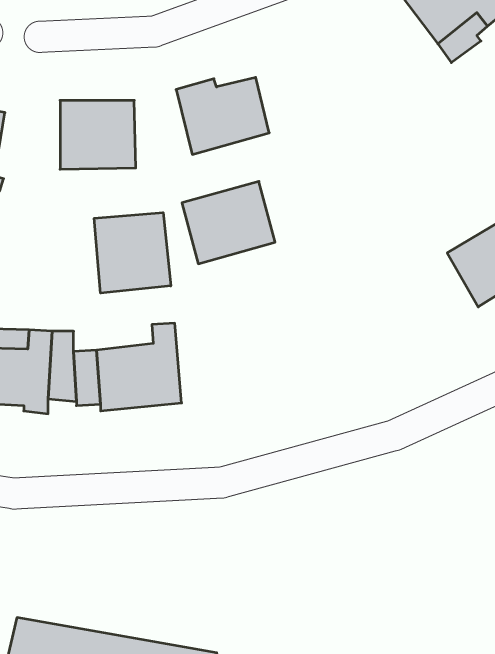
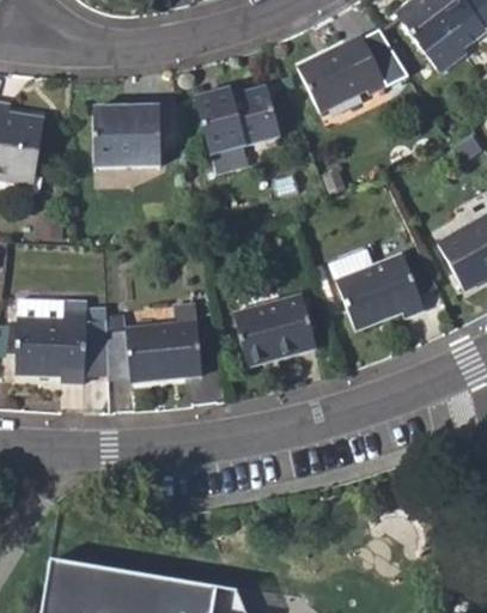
building: none -> [298,34,386,111]
building: [182,181,275,264] -> [232,292,315,365]
building: [94,213,171,293] -> none
building: none -> [335,253,425,329]

